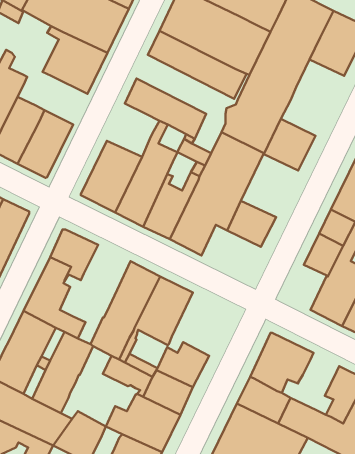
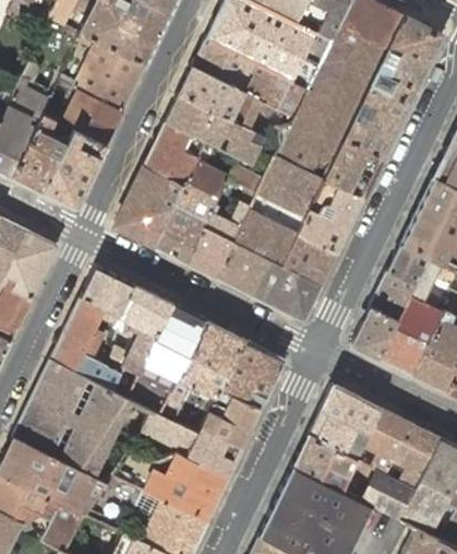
building: none -> [178,67,289,140]
building: none -> [342,72,414,160]
building: none -> [63,91,122,146]
building: none -> [144,122,204,184]
building: none -> [297,179,362,252]
building: none -> [252,261,320,321]
building: none -> [106,284,171,398]
building: none -> [350,307,395,358]
building: none -> [215,339,285,411]
building: none -> [353,408,409,473]

